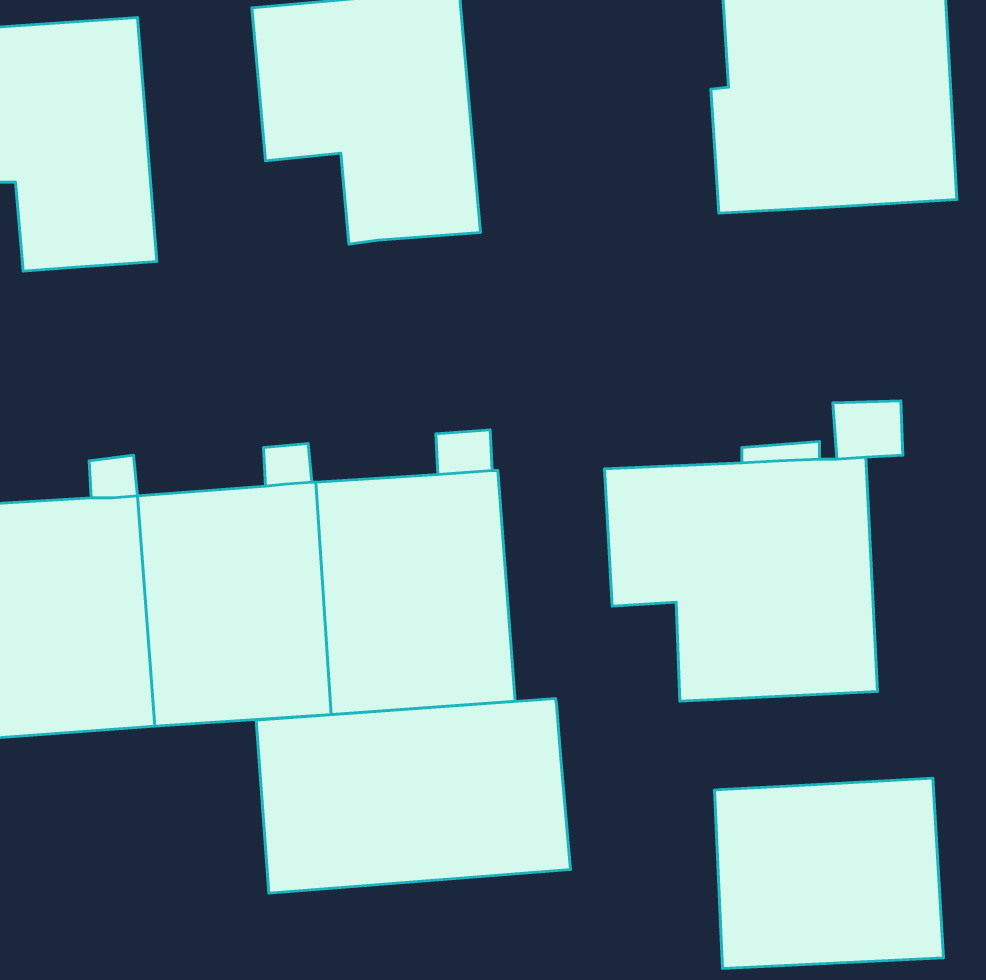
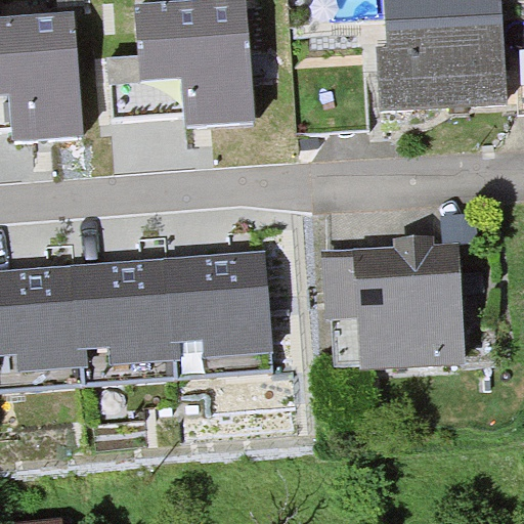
building: [256,698,570,893] -> none
building: [714,778,944,969] -> none

